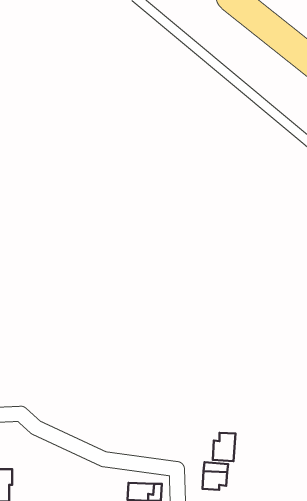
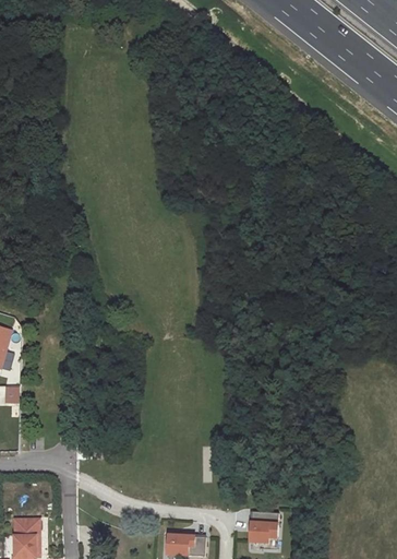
building: [213,433,236,461] -> none

